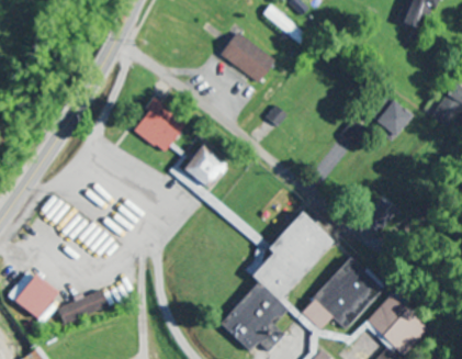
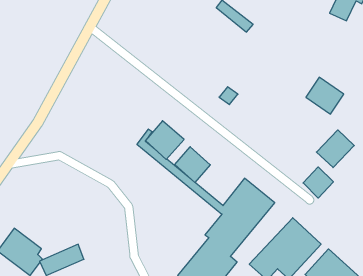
building: [219,30,275,81] -> none
building: [133,99,187,152] -> none
building: none -> [316,130,354,168]
building: none -> [175,147,210,182]

